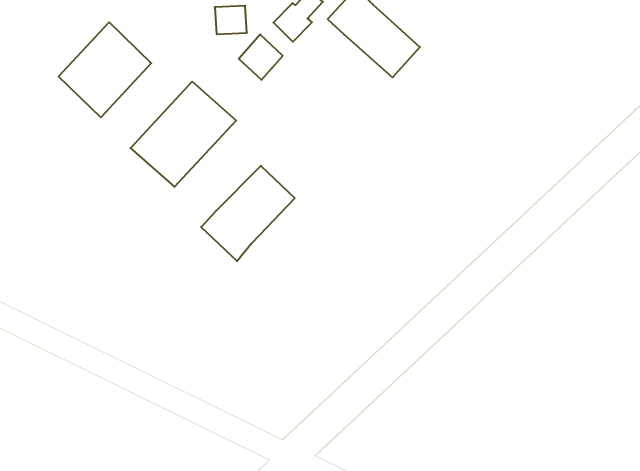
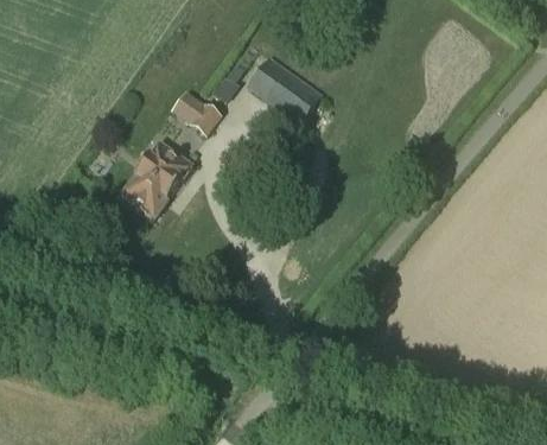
building: [59,22,151,117] -> none
building: [201,166,295,261] -> none

